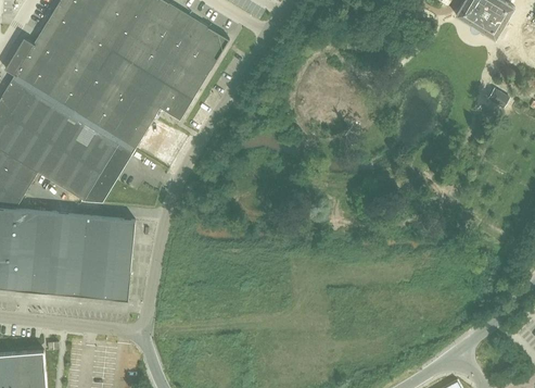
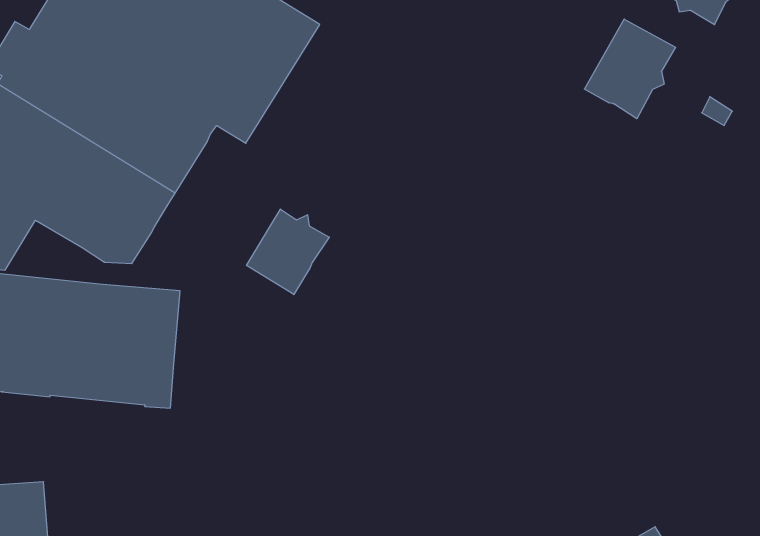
building: none -> [584,19,676,119]
building: none -> [246,209,329,295]

